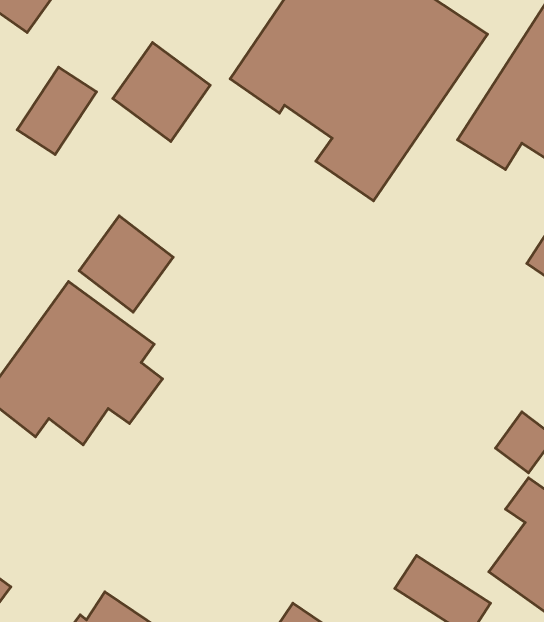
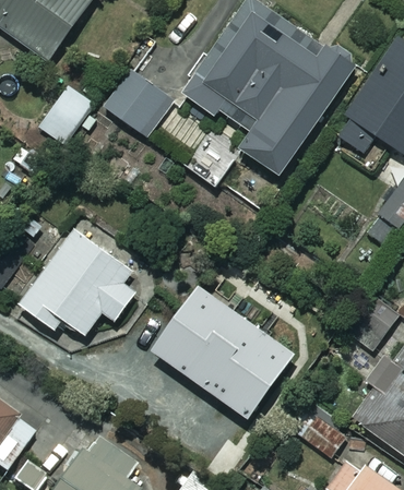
building: [79,216,173,312] -> none
building: none -> [153,285,294,417]

